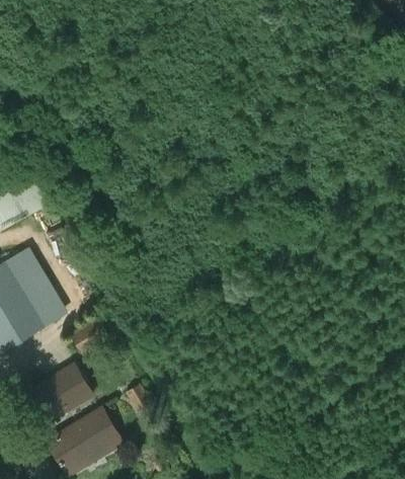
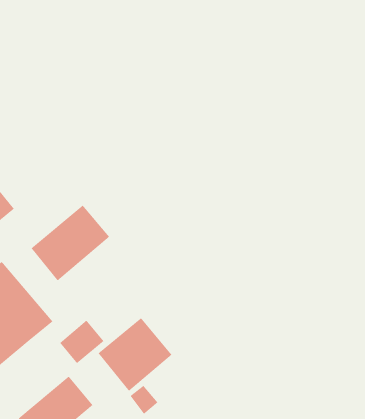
building: none -> [31,204,110,281]
building: none -> [97,317,173,392]

